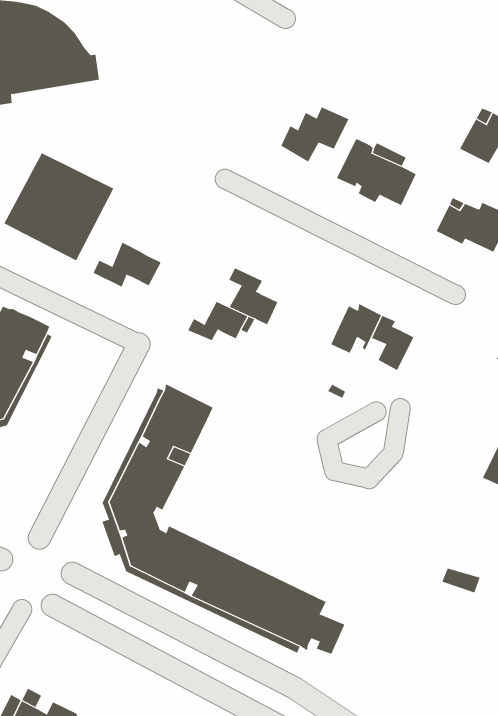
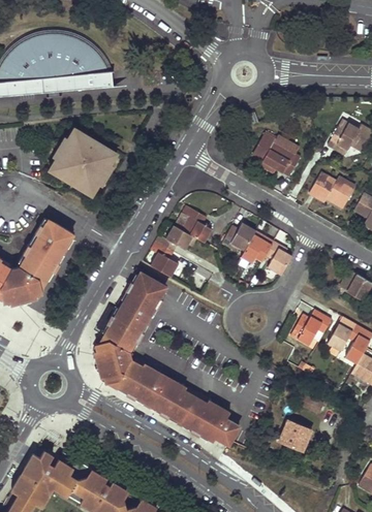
building: [280,106,349,162] -> none
building: [93,242,161,288] -> none
building: none -> [221,223,255,251]
building: none -> [150,242,178,277]
building: none -> [292,309,332,345]
building: none -> [279,420,311,450]

